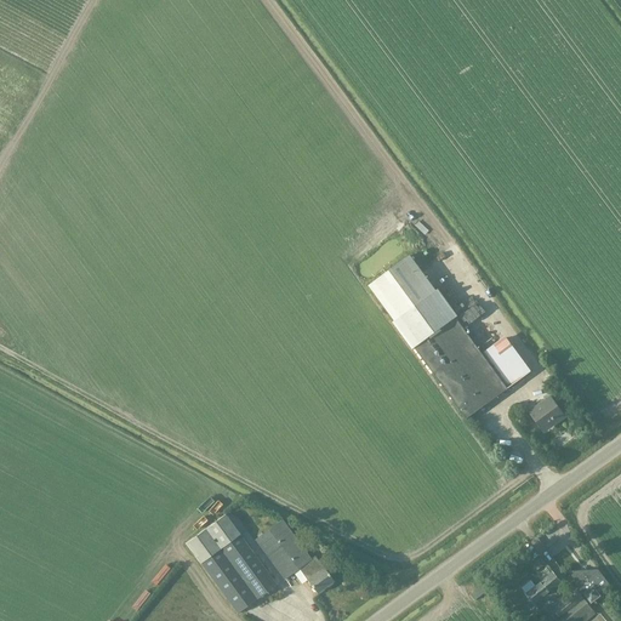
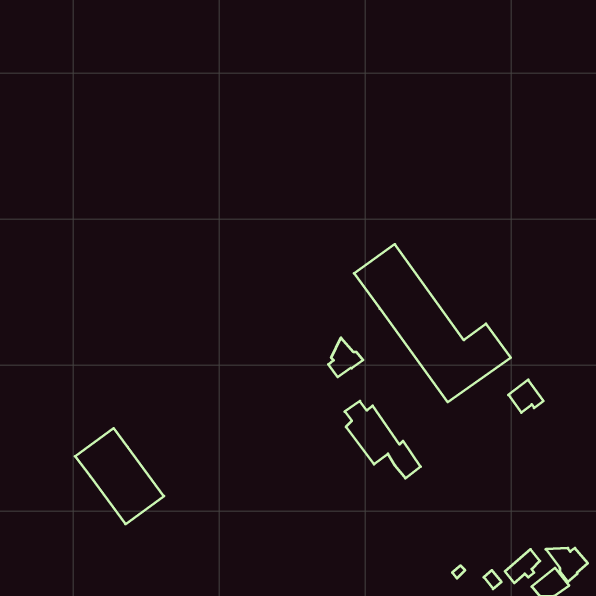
building: none -> [328,338,363,377]
building: [184,513,277,613] -> [75,428,164,524]
building: [253,513,332,593] -> [345,401,421,478]

